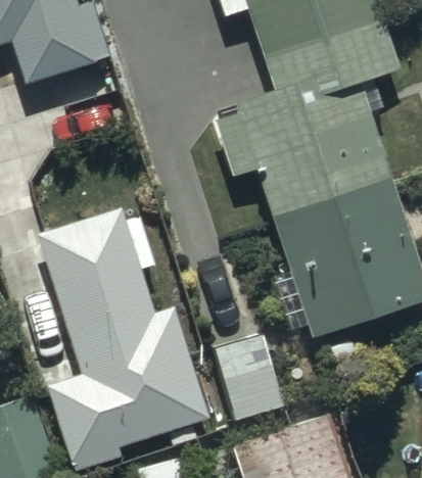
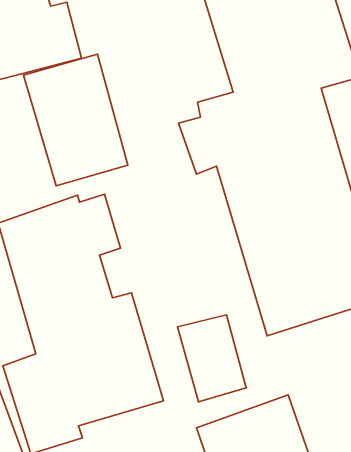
building: none -> [23,54,128,186]

